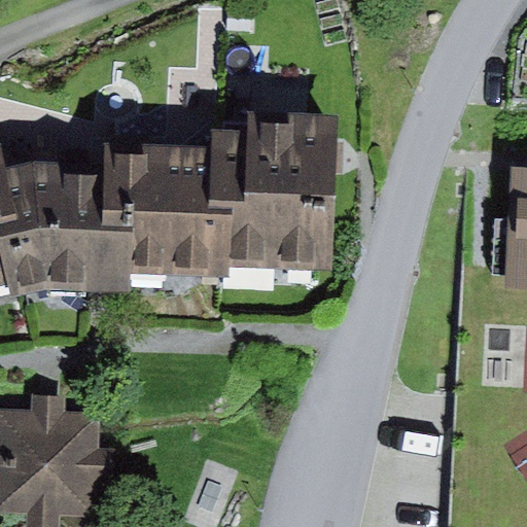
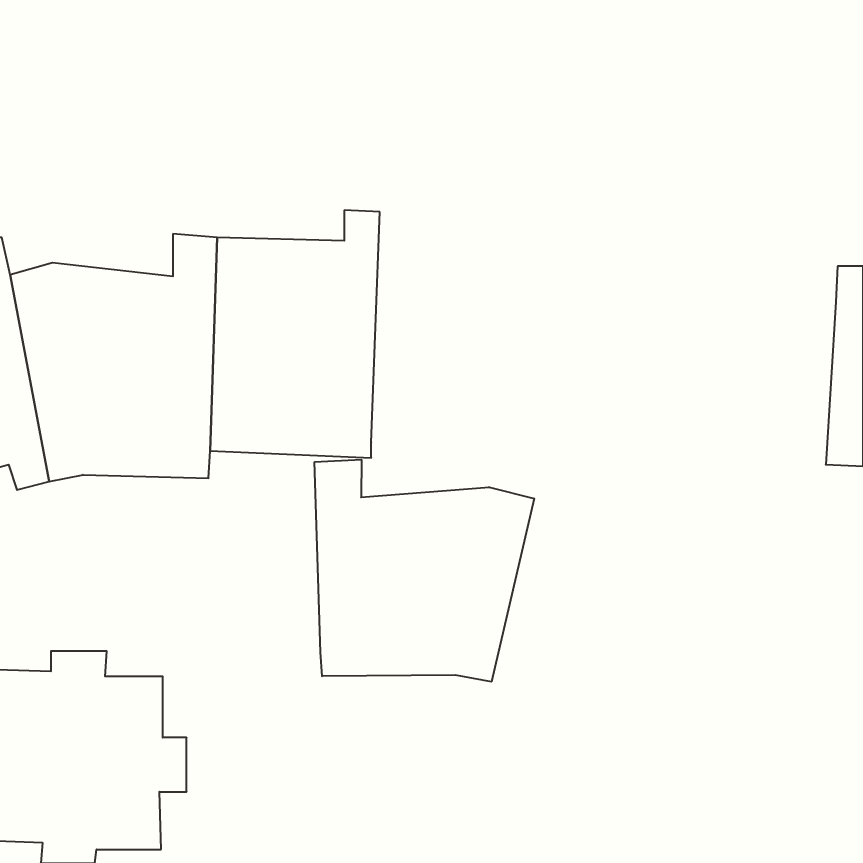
building: [225,110,338,272] -> none
building: none -> [315,460,534,682]

